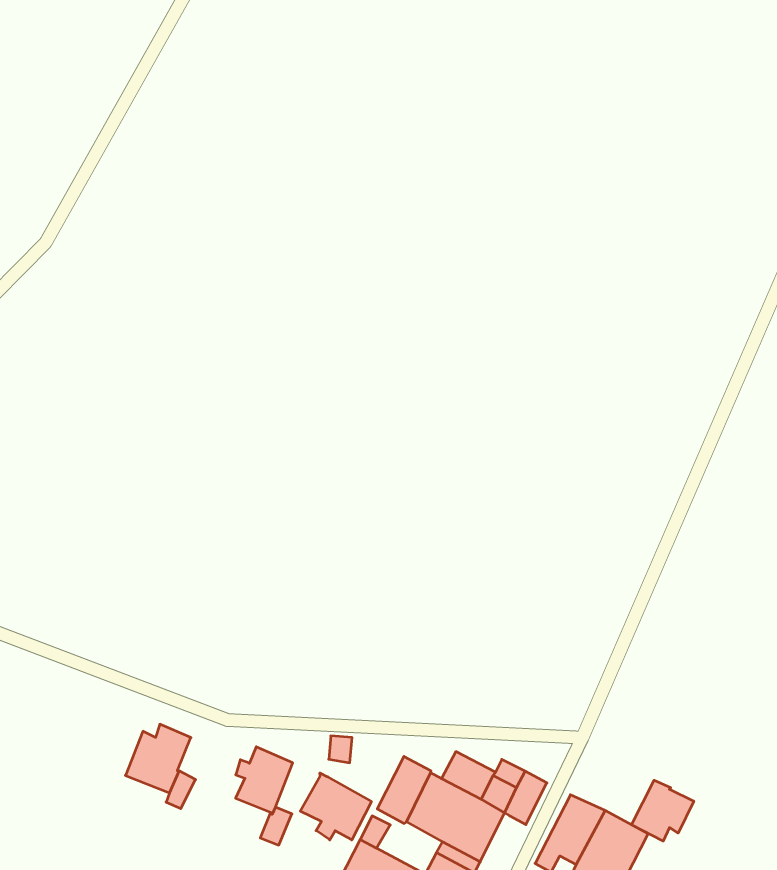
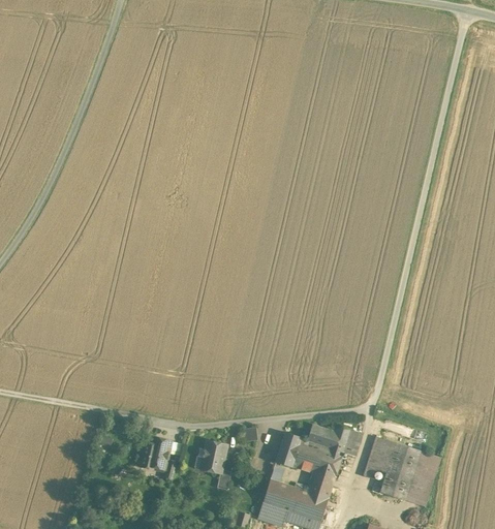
building: [300,773,371,840] -> none
building: [631,780,694,841] -> none

